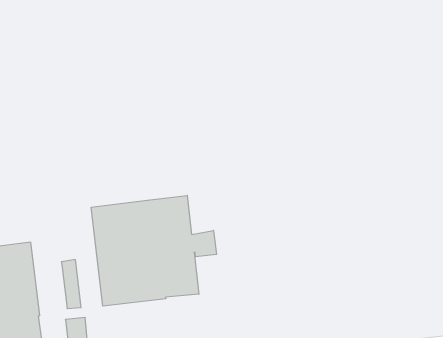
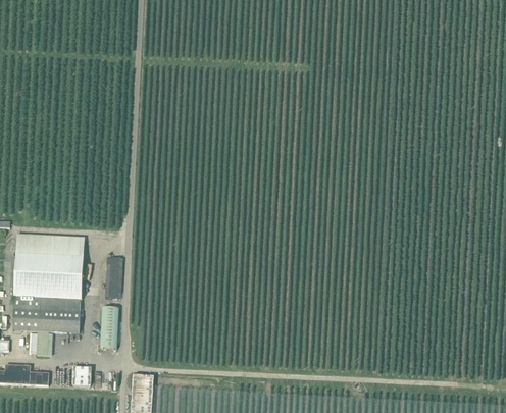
building: [91,195,217,306] -> none

